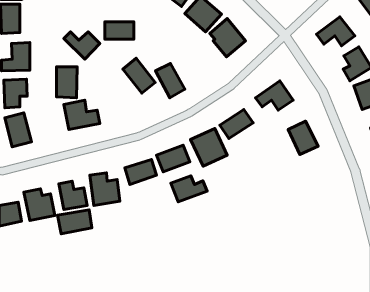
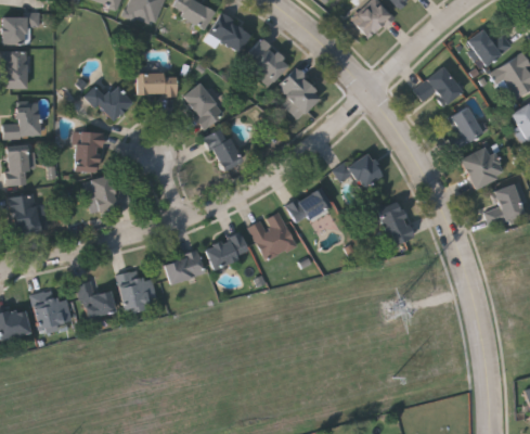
building: [123,58,155,93] -> [182,82,224,128]
building: [171,176,207,202] -> none
building: [58,210,92,234] -> none

